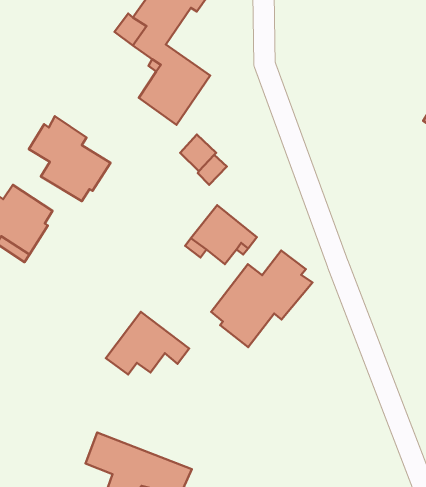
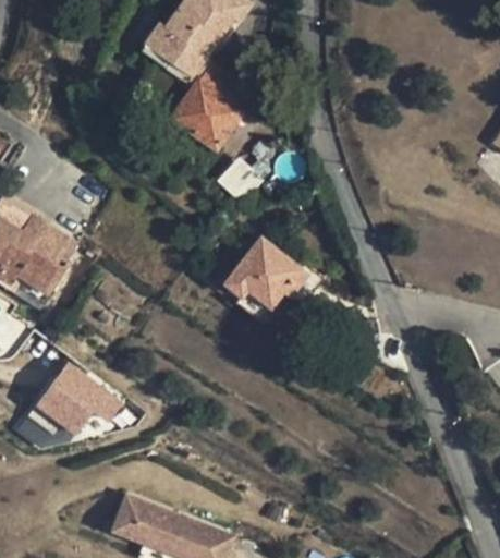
building: [29,116,110,201] -> none
building: [211,250,312,347] -> none
building: [106,312,189,375] -> [26,363,120,434]

